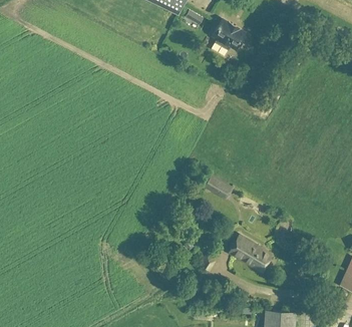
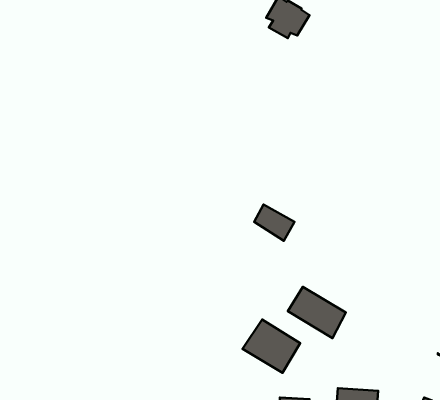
building: none -> [243,319,300,373]

